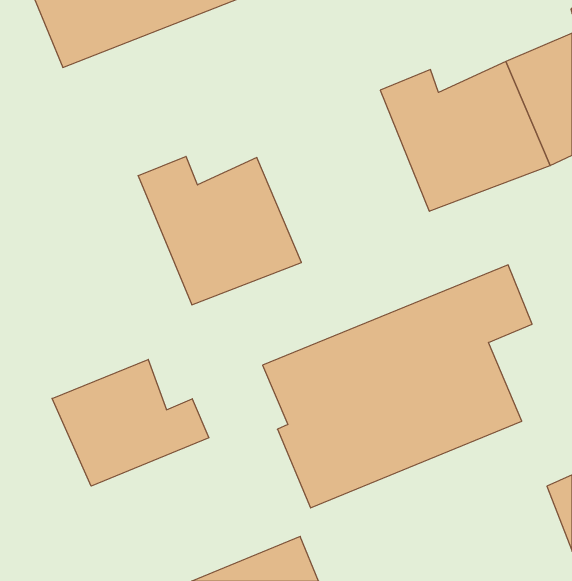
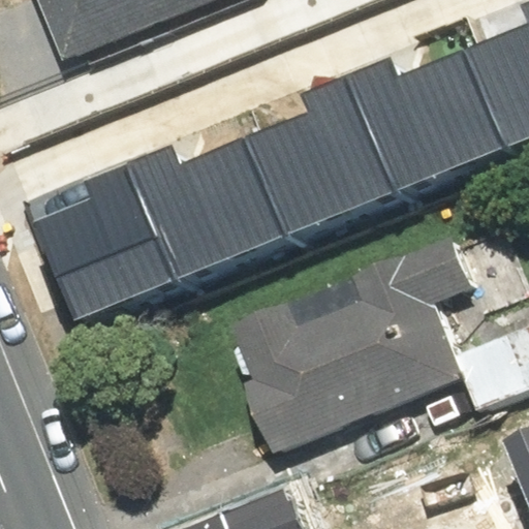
building: none -> [232,82,388,238]
building: none -> [38,159,174,315]
building: [52,359,209,486] -> none

